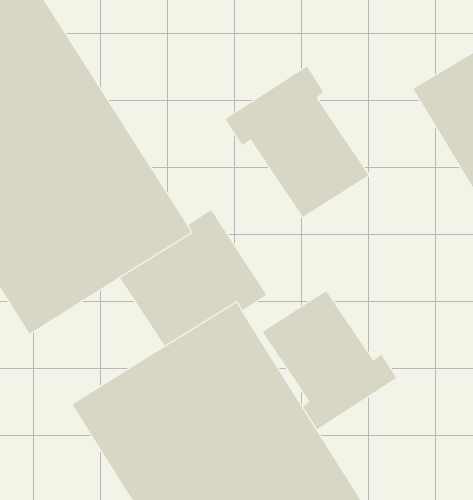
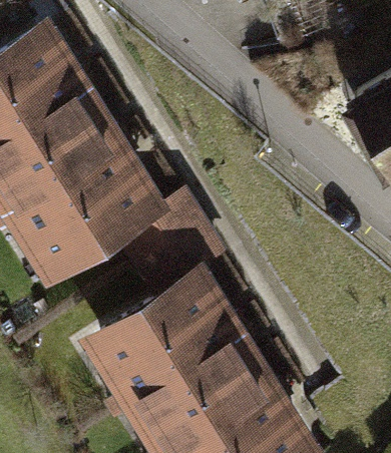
building: [224,66,370,218] -> none
building: [262,290,397,430] -> none

